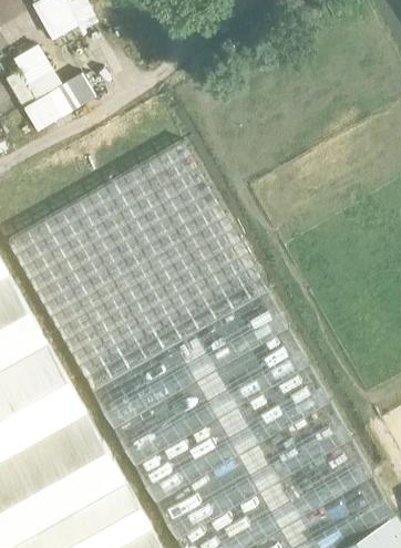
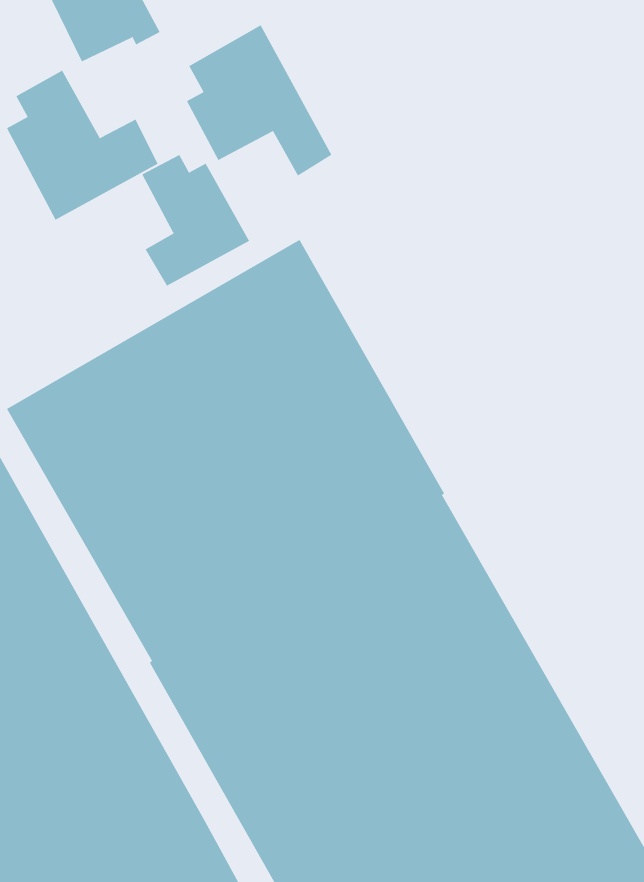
building: none -> [186,25,332,176]
building: none -> [141,154,250,286]

